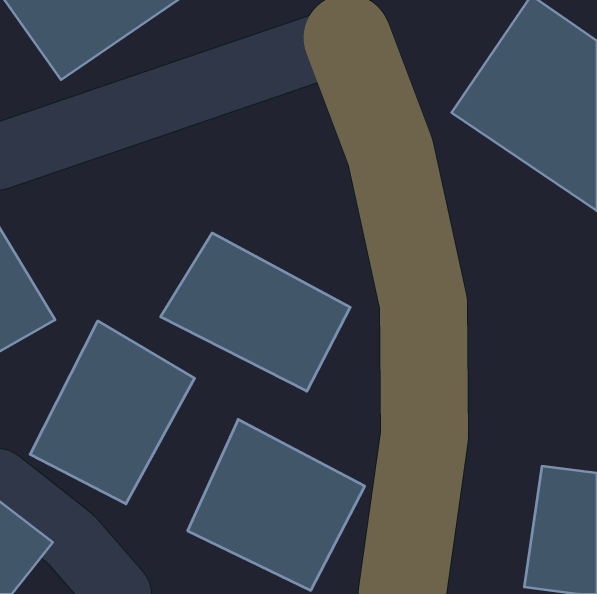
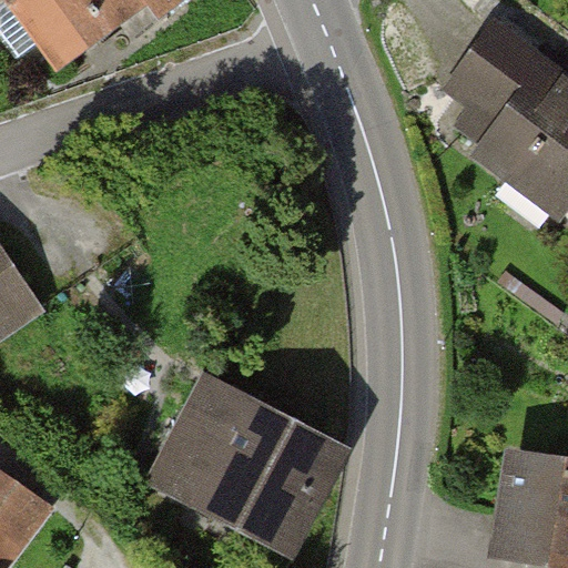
building: [161,233,350,391] -> none
building: [30,321,195,504] -> none

